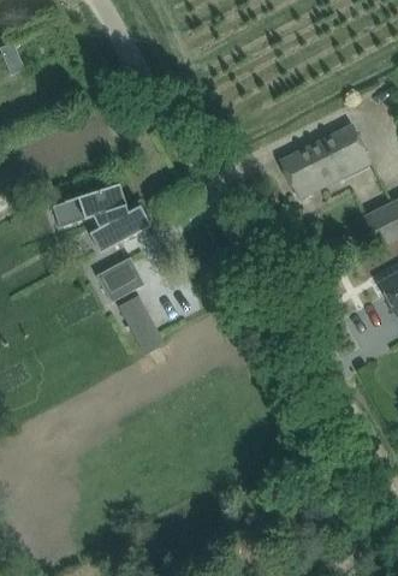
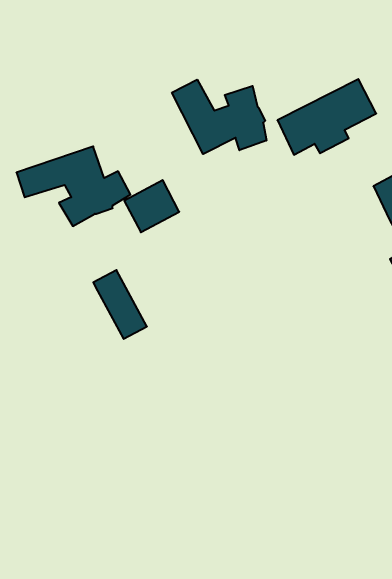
building: none -> [172,80,266,154]
building: [96,256,144,302] -> [124,180,179,232]

